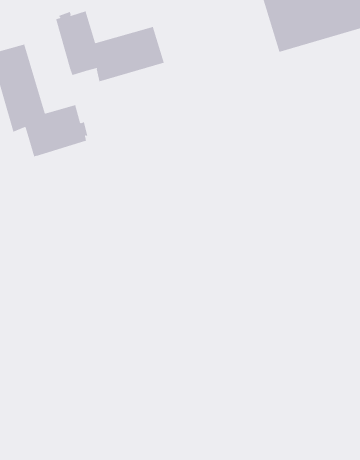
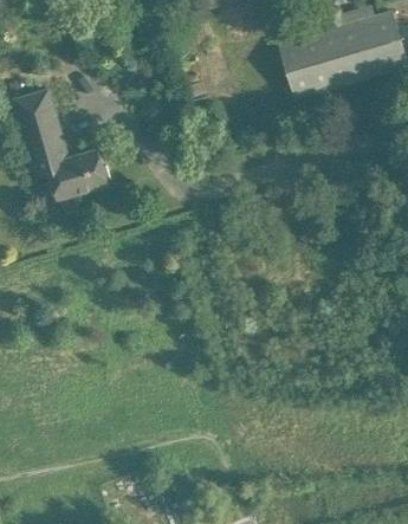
building: [56,10,165,82] -> none

